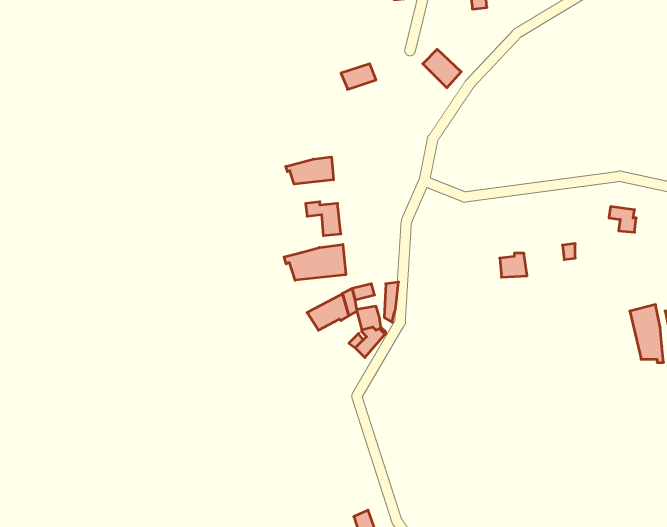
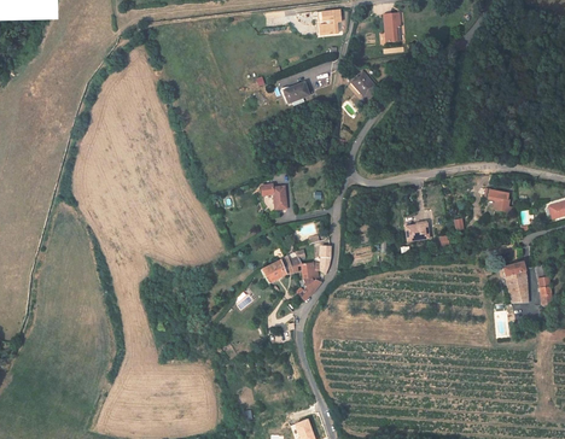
building: [286,157,333,184] -> none
building: [284,244,346,280] -> none

